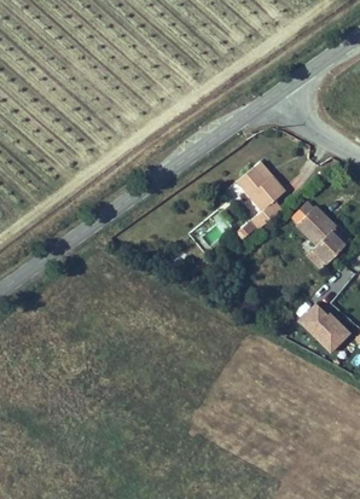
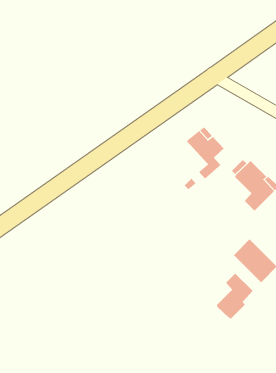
building: none -> [216,273,253,320]

